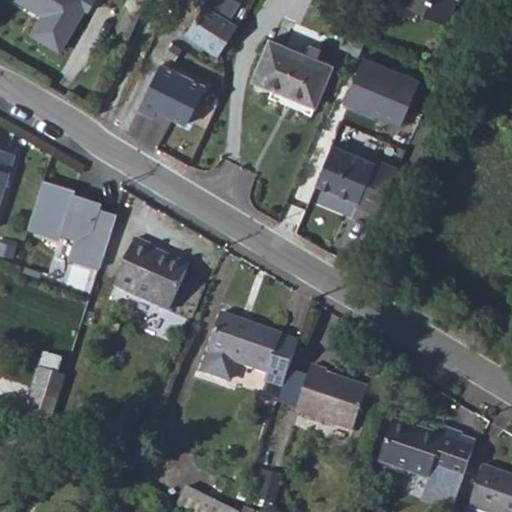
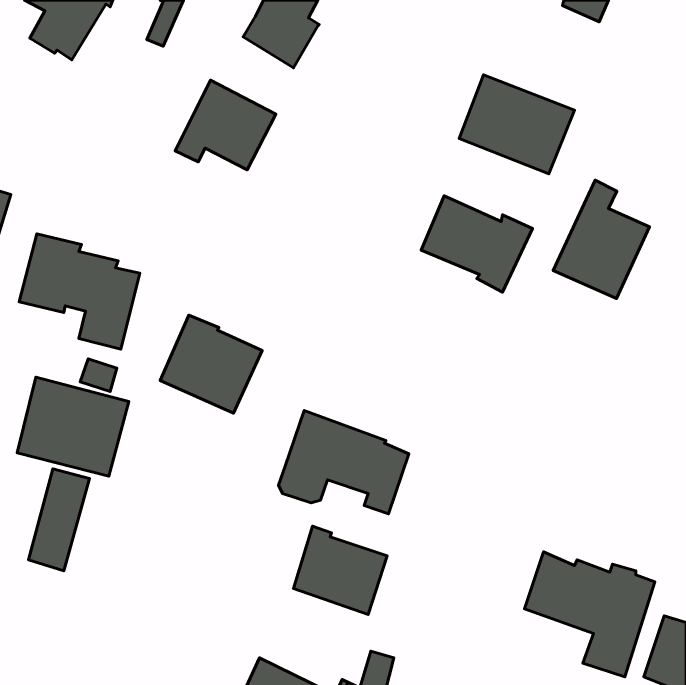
building: [256,42,333,109] -> none
building: none -> [553,180,649,299]
building: none -> [17,377,129,476]
building: [301,362,370,427] -> [293,526,387,614]

